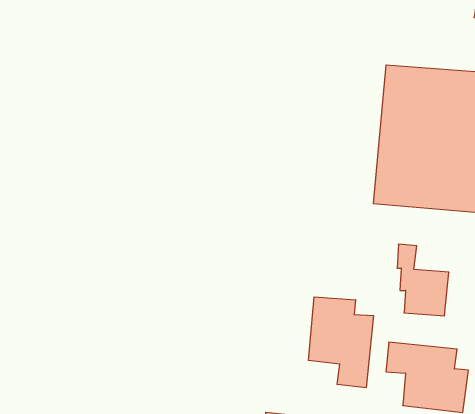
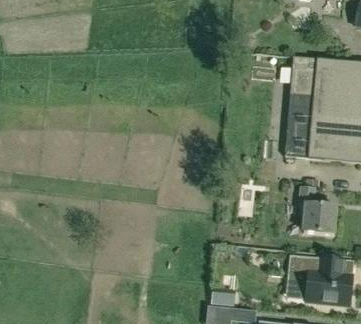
building: [308,297,374,388] -> none

